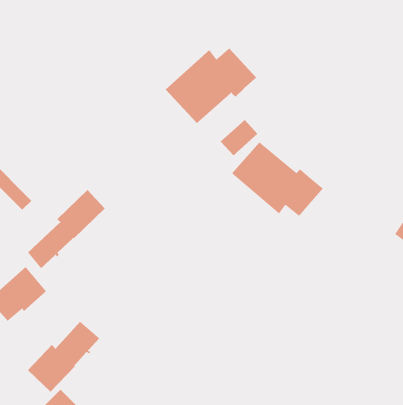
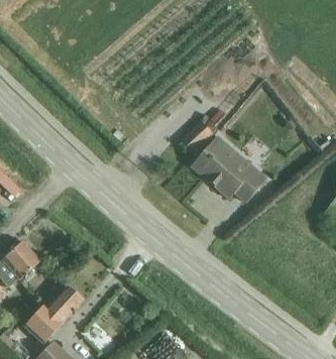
building: [165,48,257,124] -> none
building: [27,189,106,269] -> none

